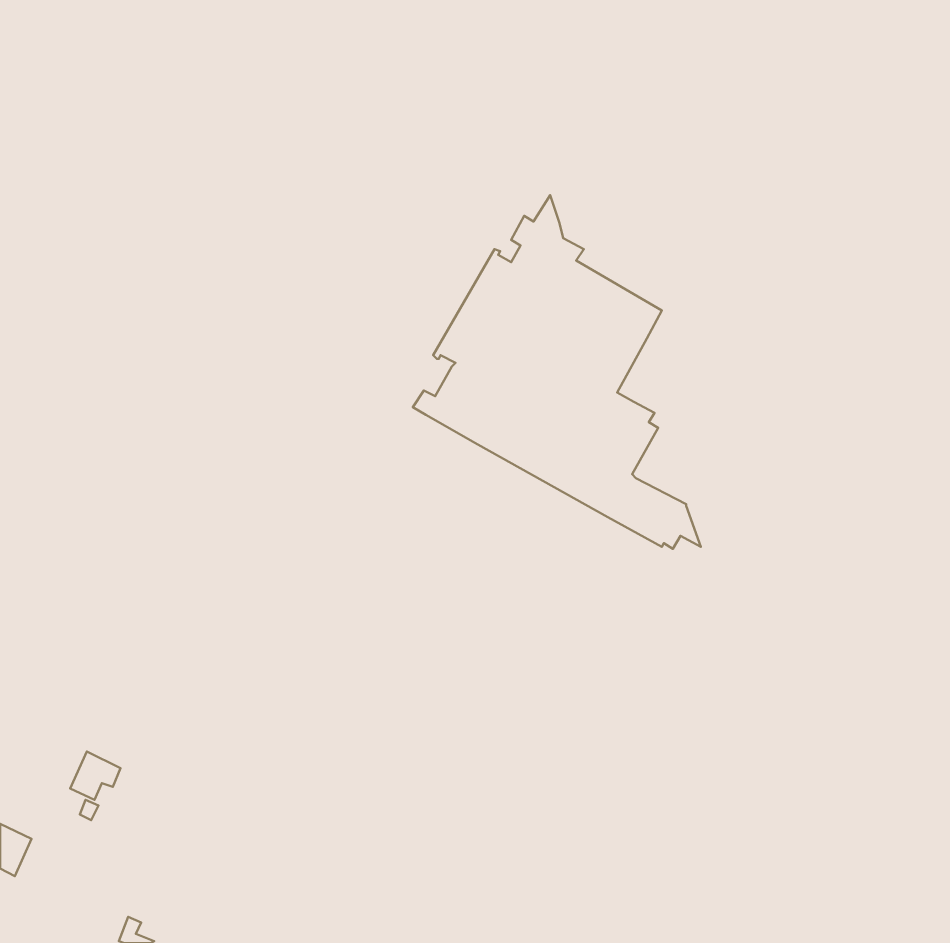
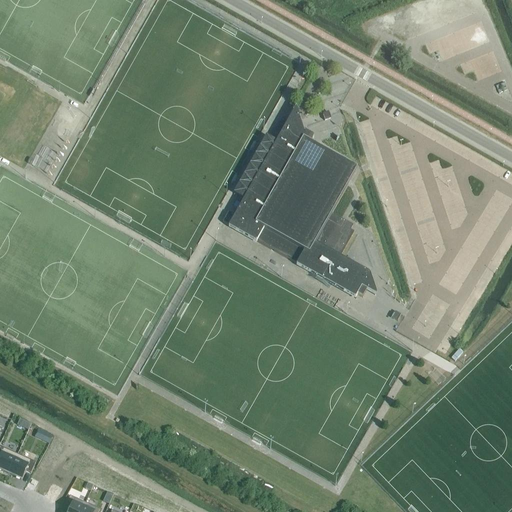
building: [70,751,120,800] -> [8,451,35,477]

